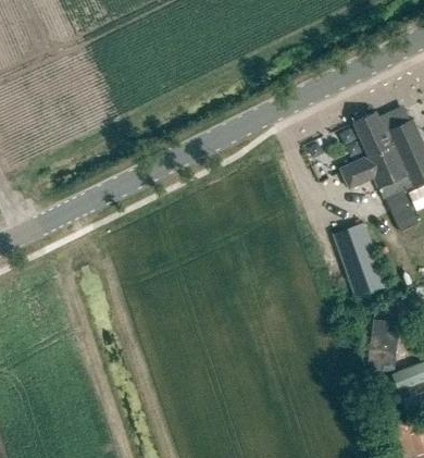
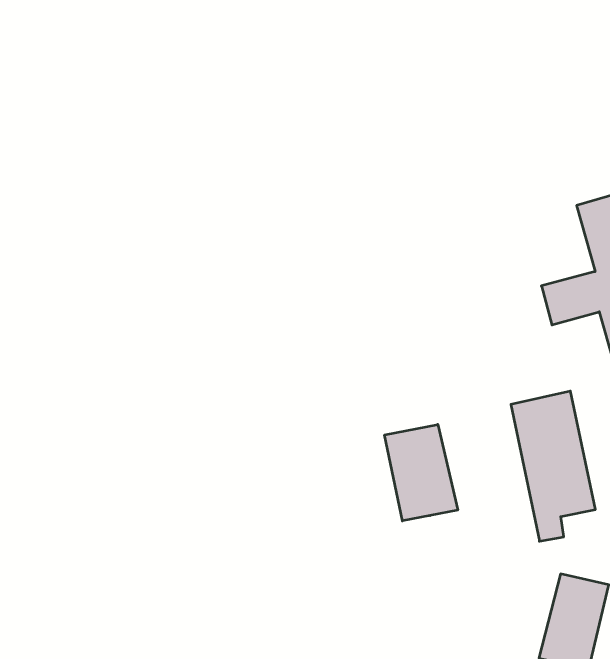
building: none -> [385,424,458,521]

